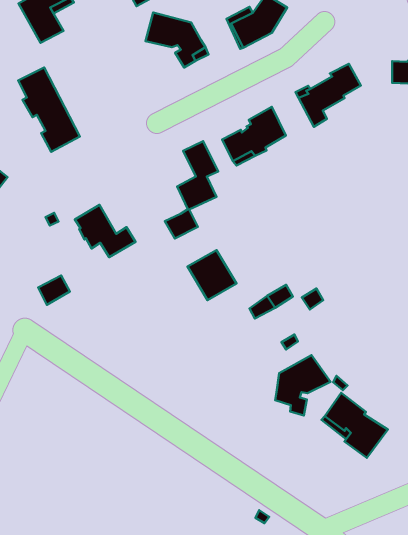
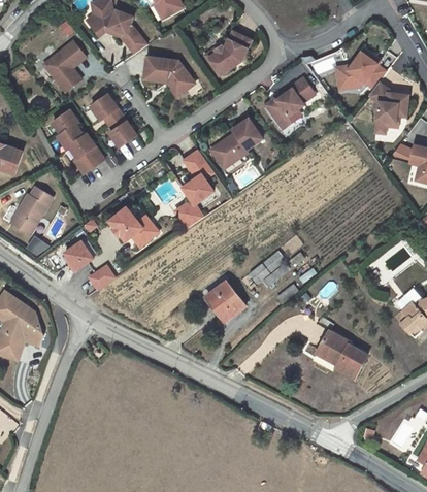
building: none -> [92,94,137,147]
building: none -> [64,241,91,272]
building: [188,250,237,300] -> [206,282,245,321]
building: [275,355,330,416] -> none

